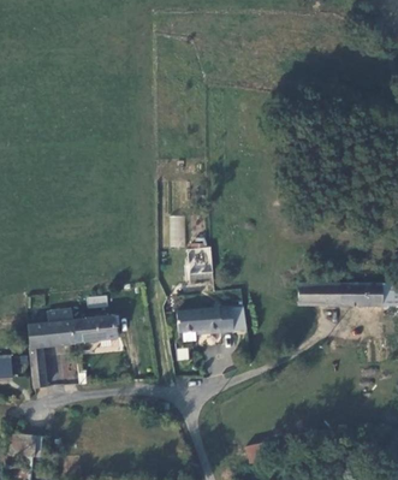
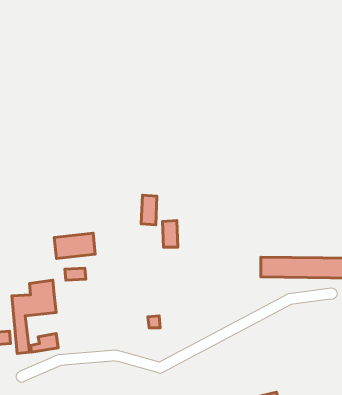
building: [177,307,233,333] -> none
building: [73,315,118,343] -> [54,233,95,259]

